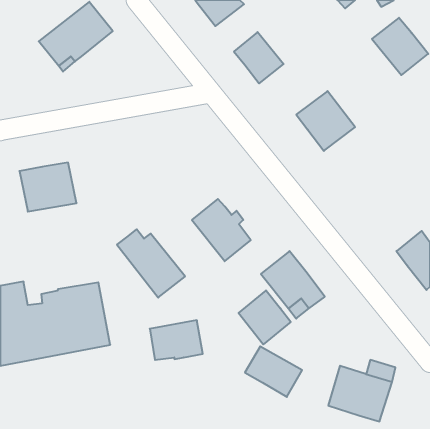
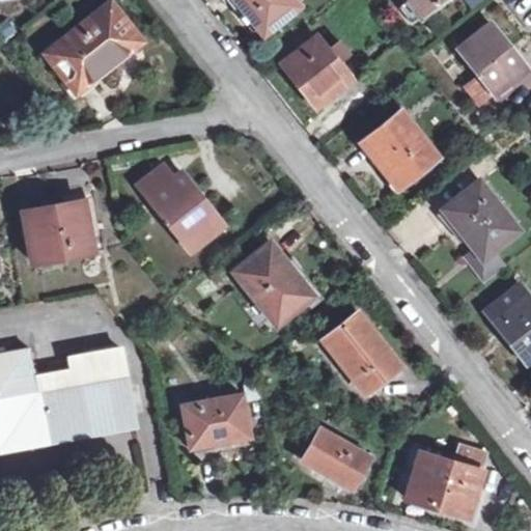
building: none -> [447,185,521,282]
building: [117,229,185,298] -> [140,167,224,251]
building: [239,290,291,344] -> none

